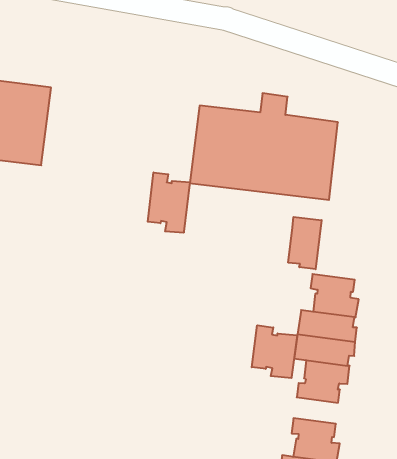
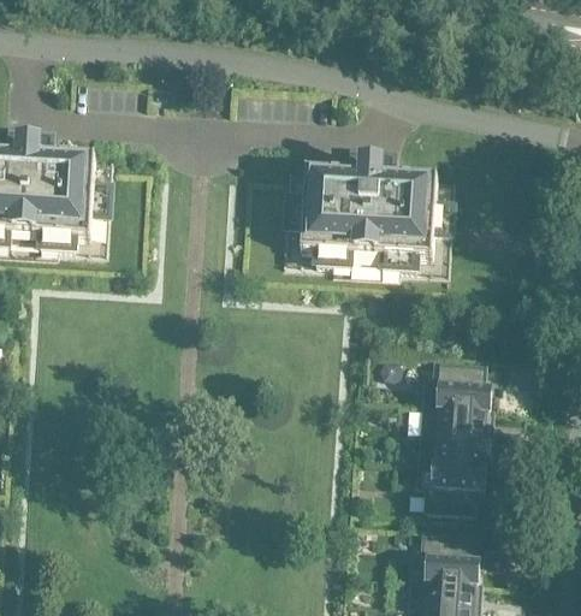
building: [148,172,190,233] -> none
building: [288,217,322,269] -> none
building: [252,325,297,378] -> none

